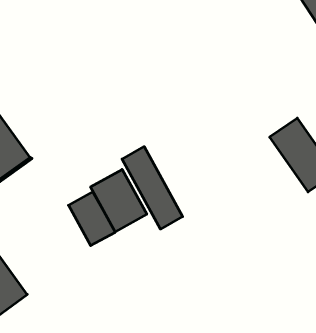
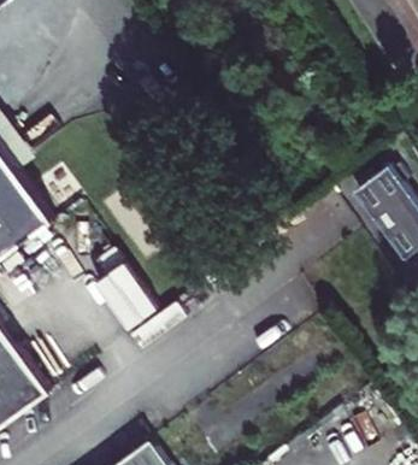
building: [122,147,183,229] -> none
building: [91,169,147,232] -> none

